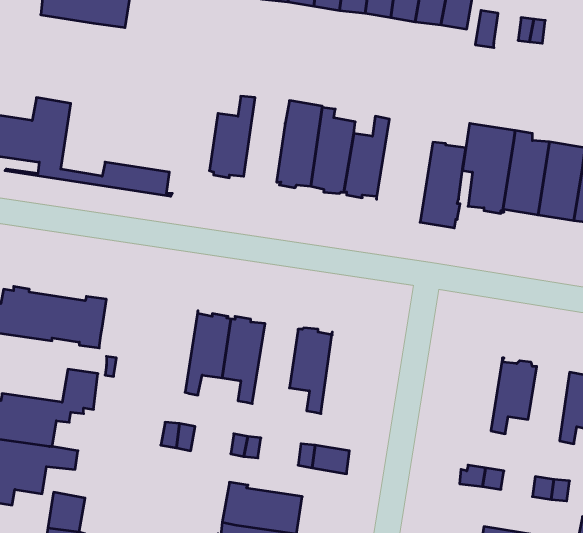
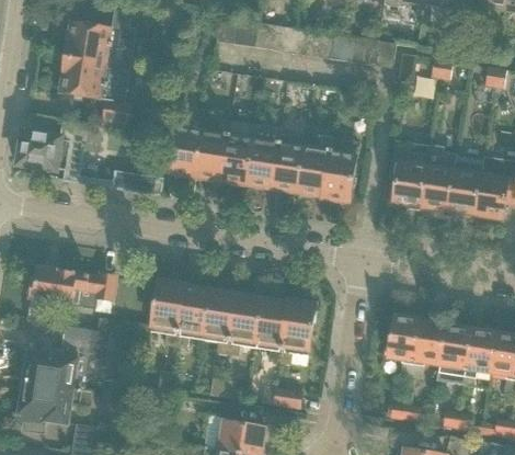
building: none -> [55,56,129,121]
building: none -> [168,112,201,178]
building: none -> [220,118,255,185]
building: [420,142,466,228] -> [322,136,357,202]
building: none -> [151,278,185,345]
building: none -> [227,293,262,355]
building: none -> [279,299,317,363]
building: none -> [384,315,419,375]
building: none -> [436,323,470,383]

